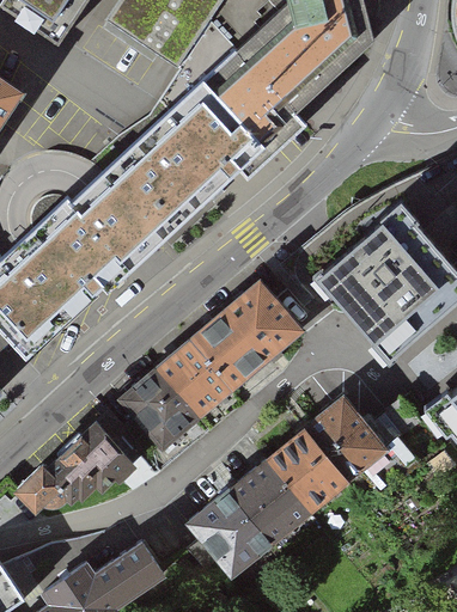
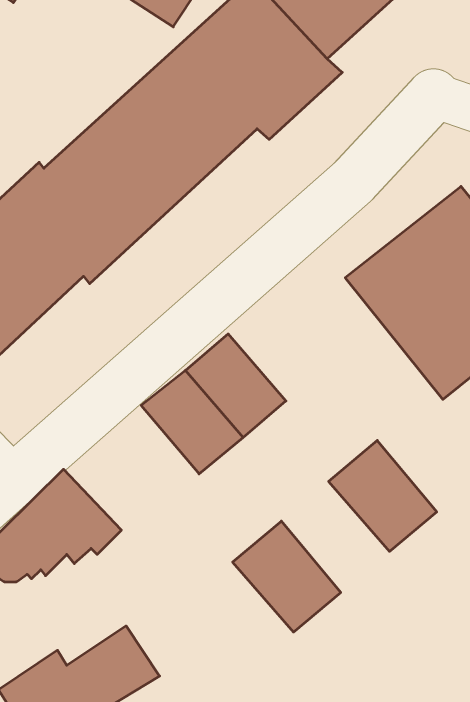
building: [223,282,301,363] -> none
building: [121,367,200,449] -> none
building: [264,427,349,514] -> none
building: [189,490,274,577] -> none

